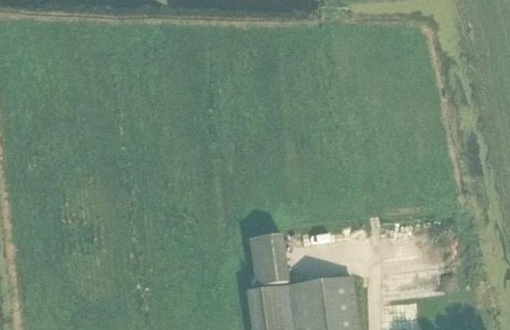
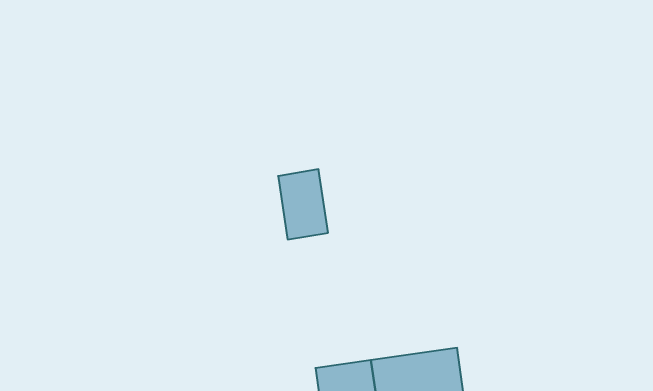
building: [250,234,287,286] -> [278,169,328,239]

